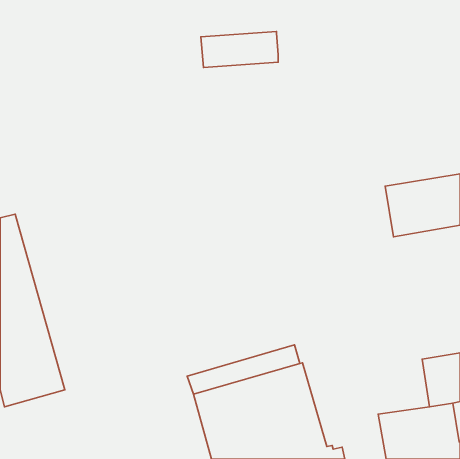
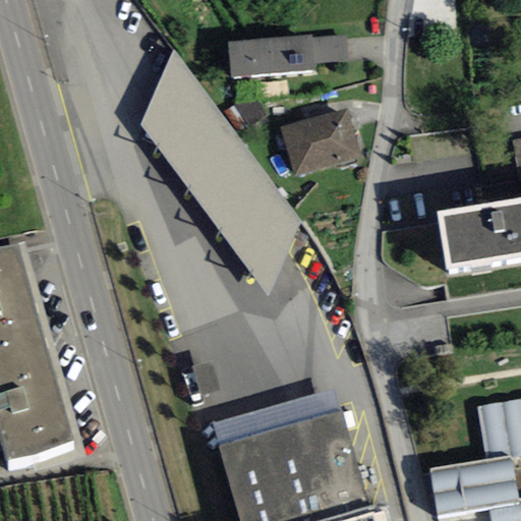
building: none -> [312,36,347,62]
building: none -> [140,49,302,296]
building: none -> [280,109,360,176]

